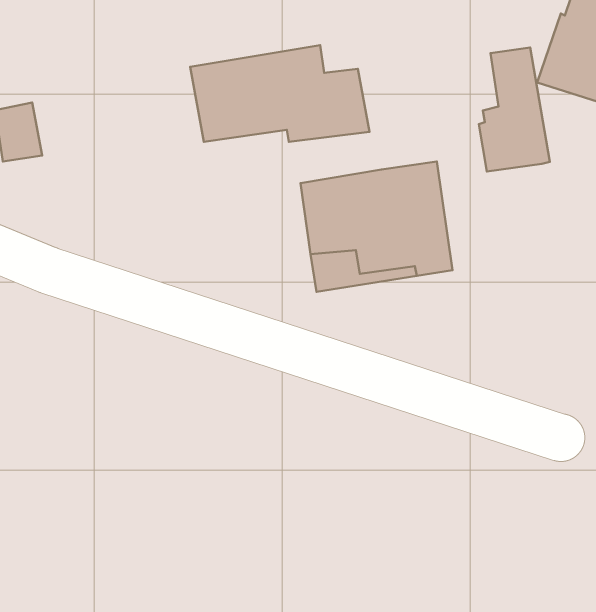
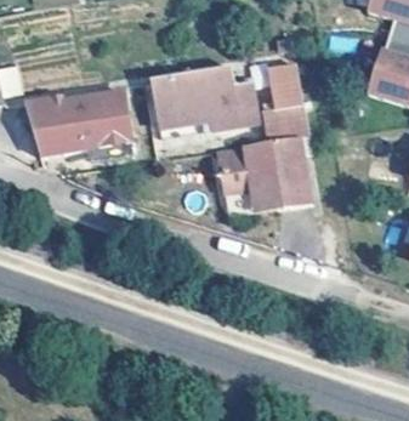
building: [479,47,550,172] -> [265,66,308,142]
building: none -> [66,92,132,150]

